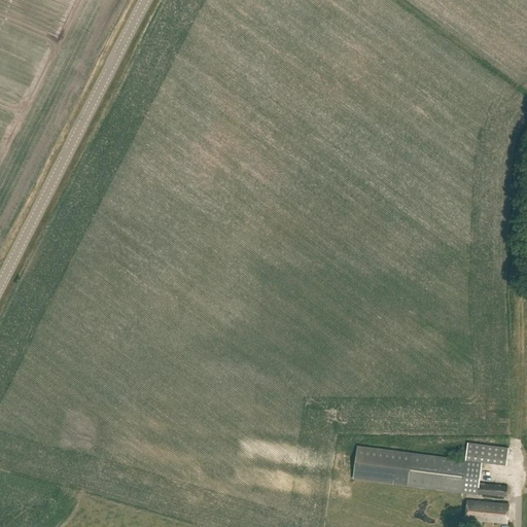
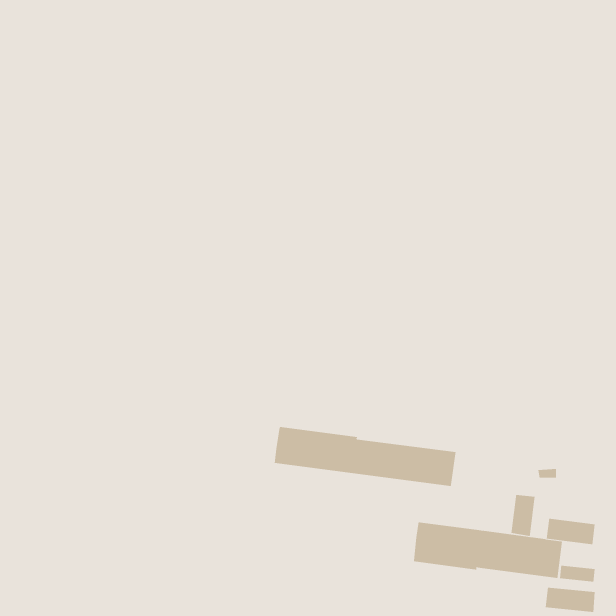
building: none -> [274,426,456,487]
building: none -> [511,494,535,537]

